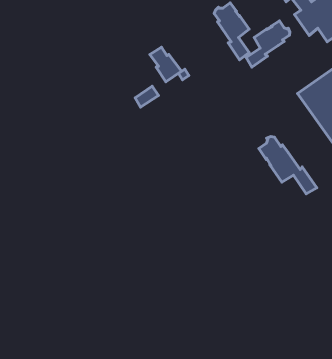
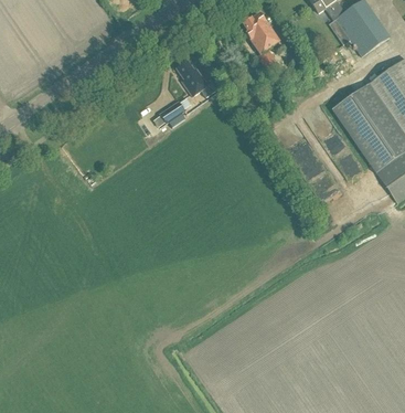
building: [246,21,290,67] -> none
building: [259,137,317,194] -> none

